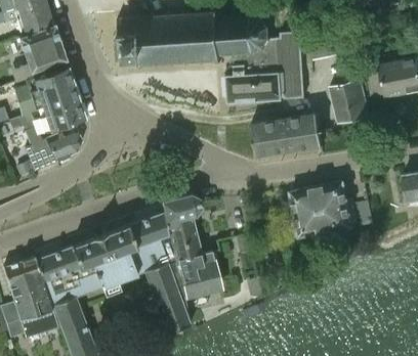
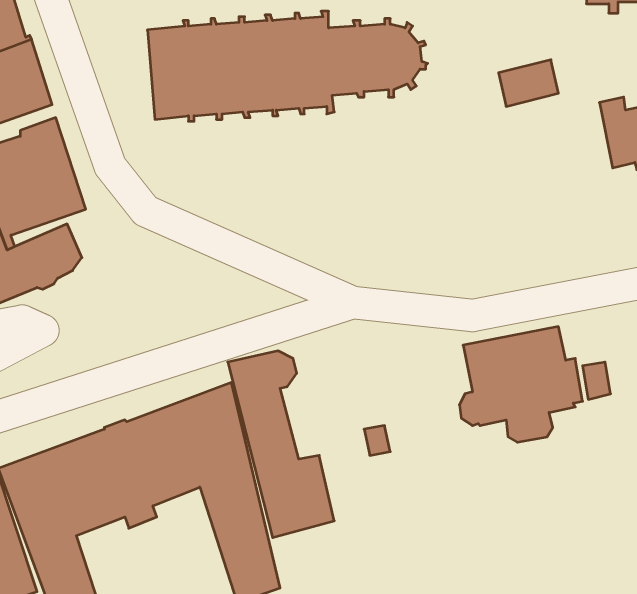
building: [225,33,305,103] -> none
building: [330,81,369,124] -> none
building: [251,114,322,158] -> none

